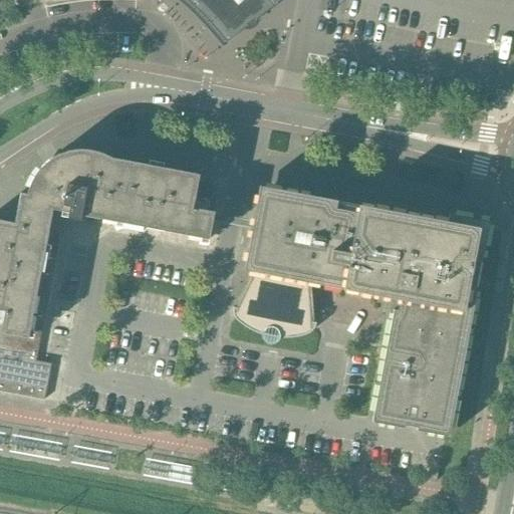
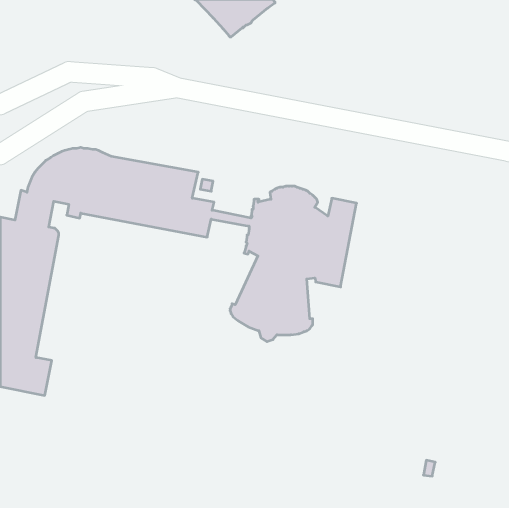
building: [343,204,480,433] -> none

